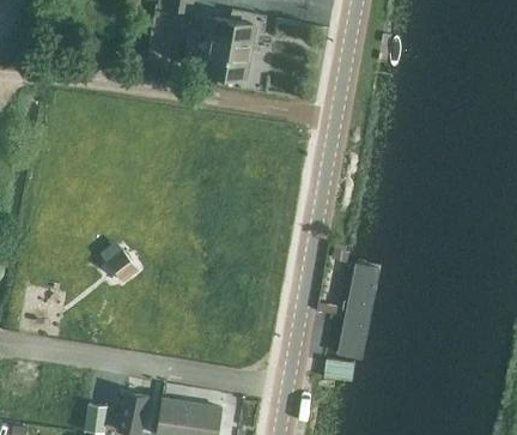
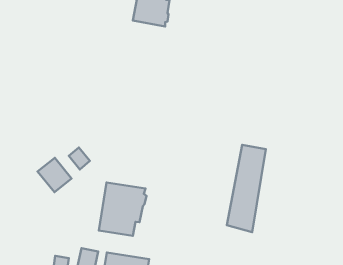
building: none -> [38,158,72,192]
building: none -> [99,182,146,236]

